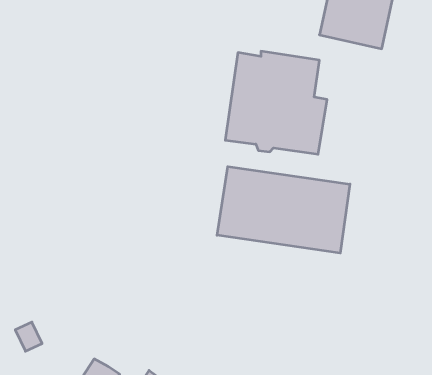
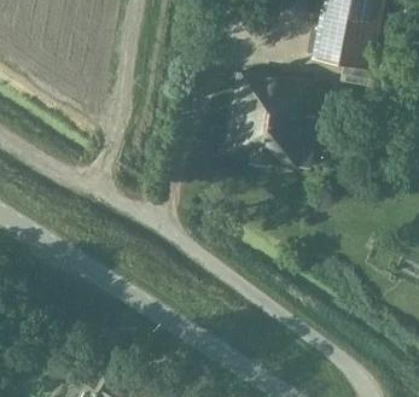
building: [217,167,350,253] -> none

